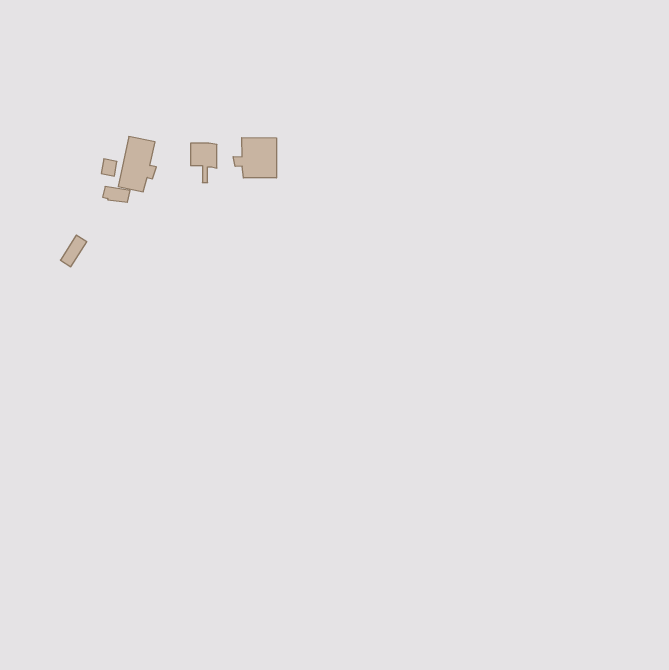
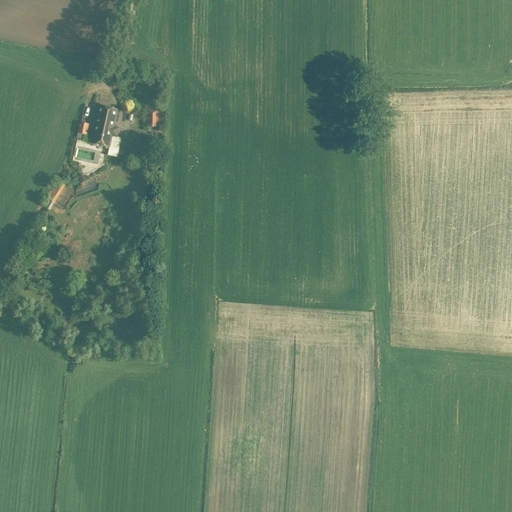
building: [233,138,276,178] -> none

